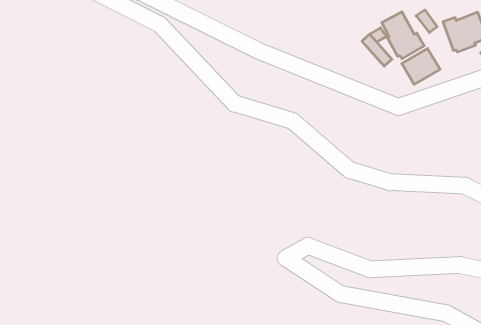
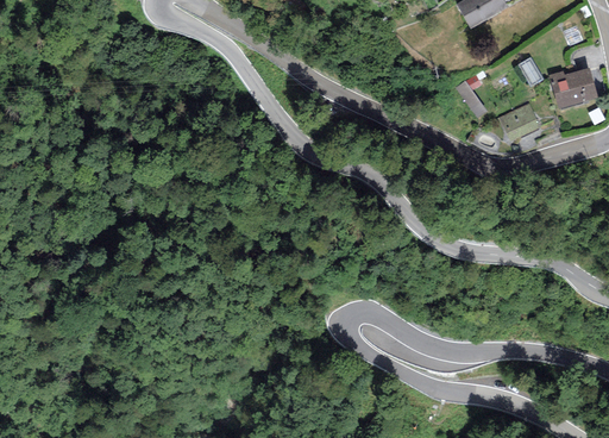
building: [382,12,424,59] -> none

